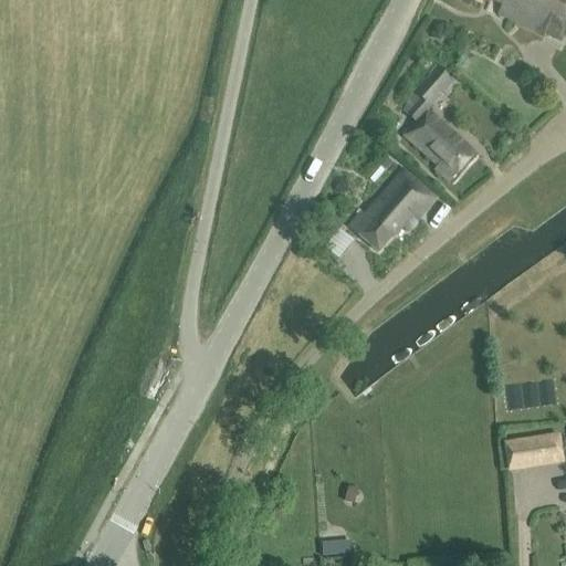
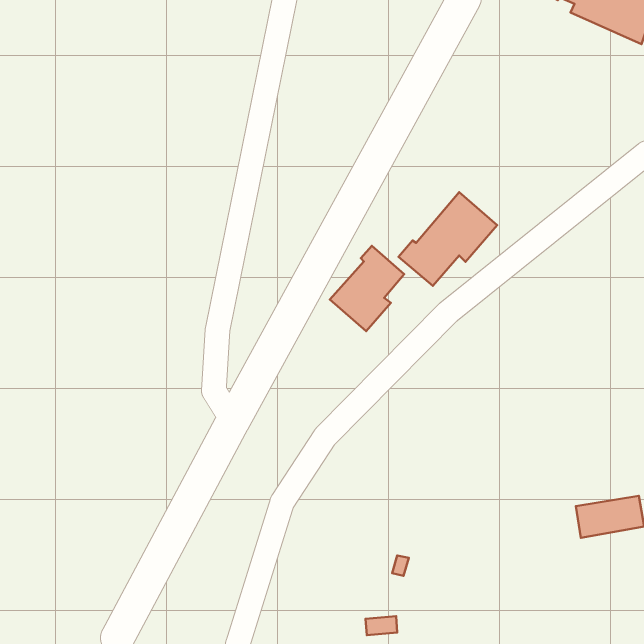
building: [405,66,478,180] -> none
building: none -> [330,246,404,331]

